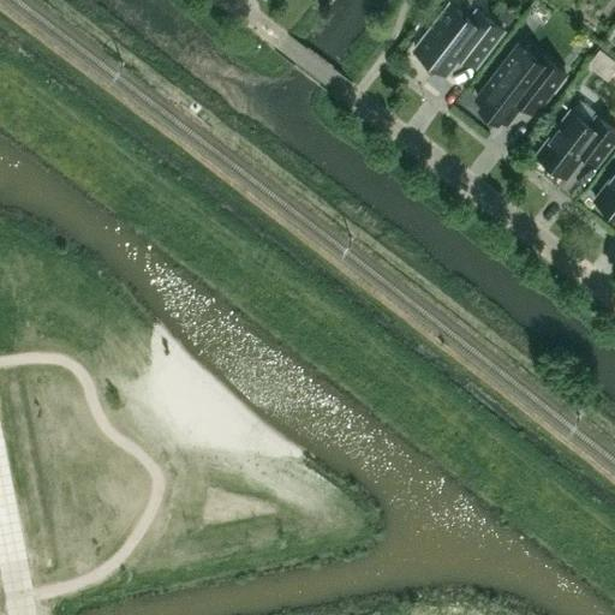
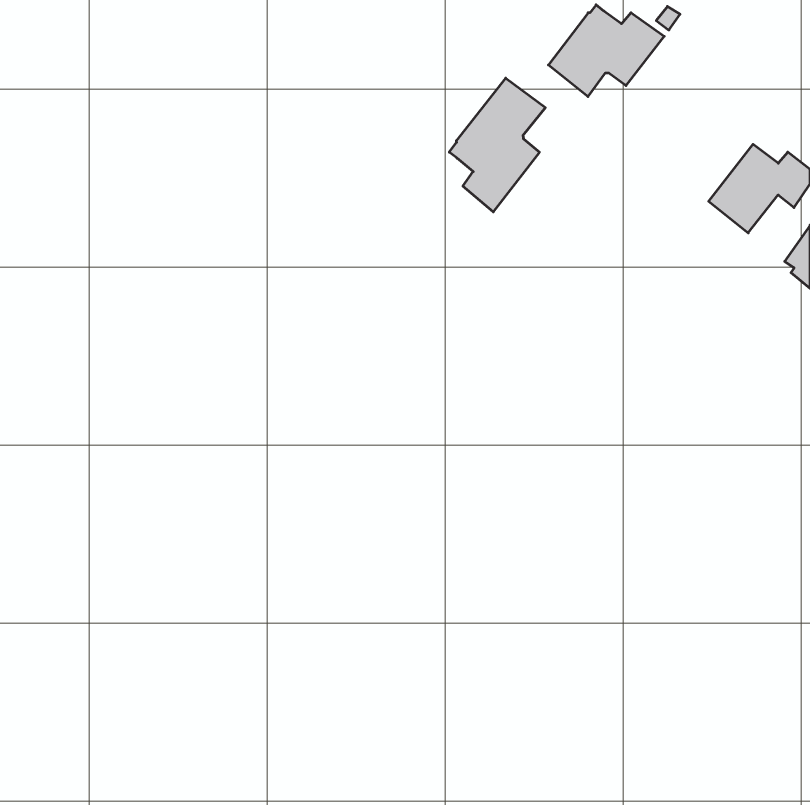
building: [478,50,566,124] -> none
building: none -> [449,78,545,212]

